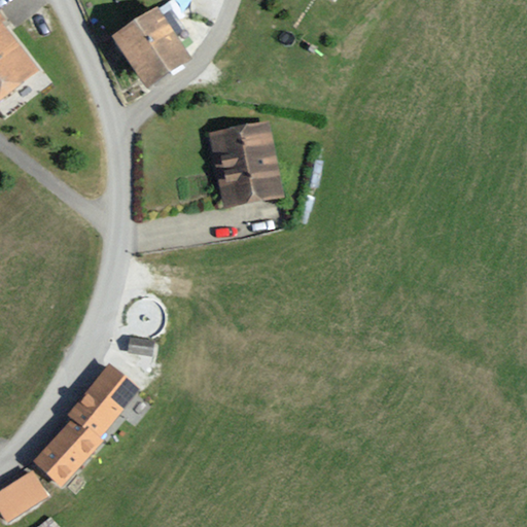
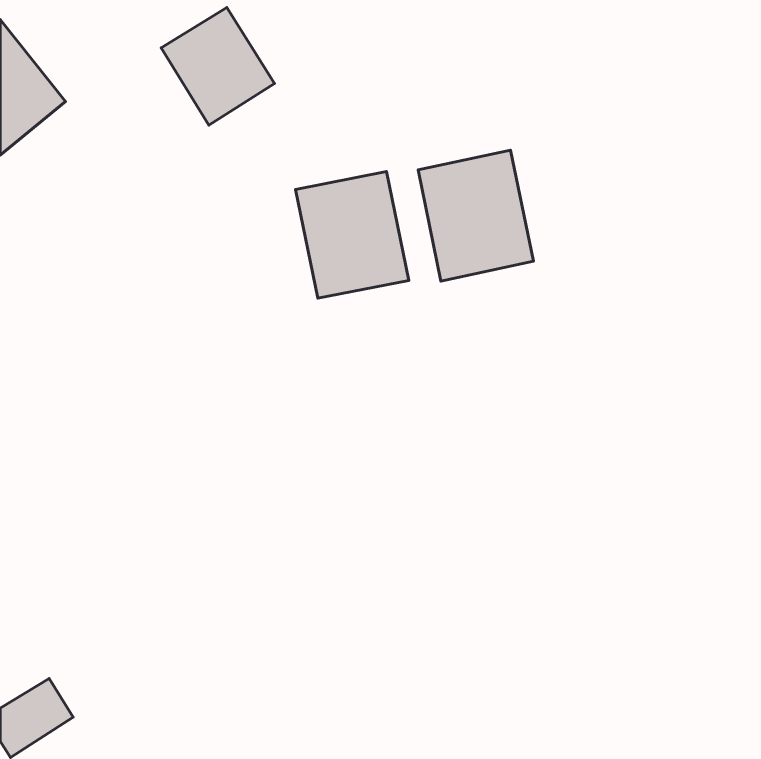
building: none -> [418,150,533,281]
building: [27,360,137,482] -> none

